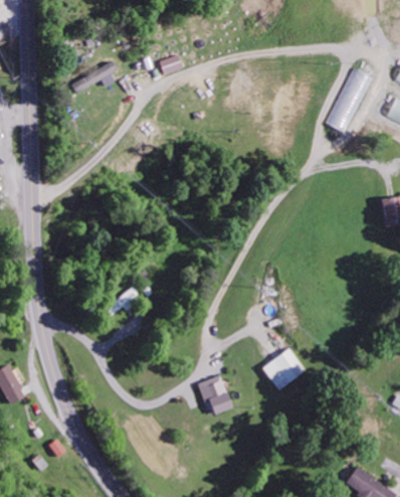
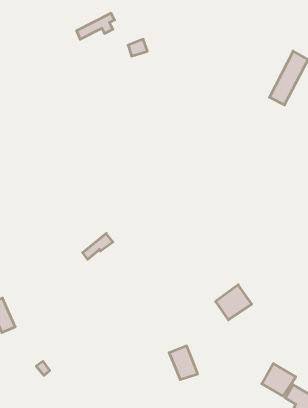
building: [69,61,115,93] -> [77,13,115,39]
building: [197,374,231,415] -> [169,346,198,380]
building: none -> [262,364,296,396]

